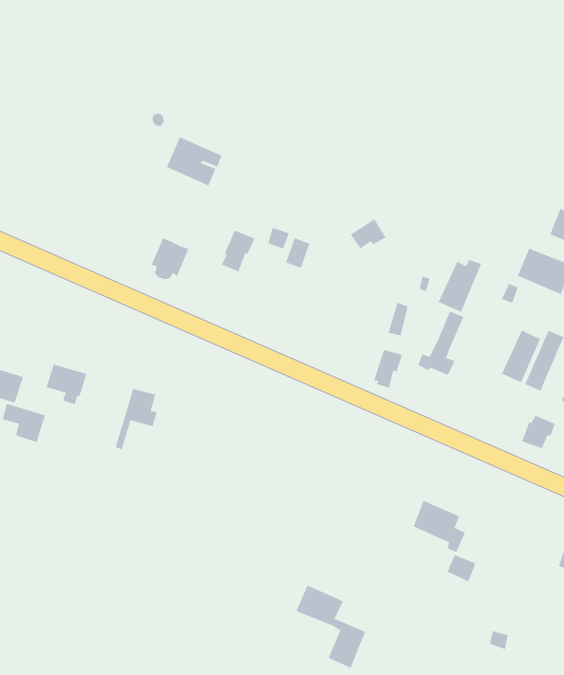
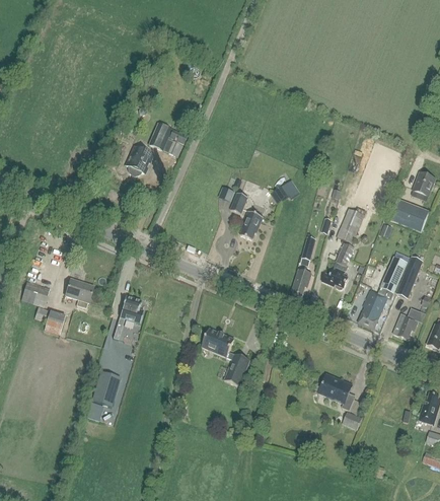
building: [221,230,255,272] -> [239,210,263,239]
building: [151,237,189,280] -> [126,145,152,174]
building: none -> [358,286,393,329]
building: none -> [87,369,116,405]
building: [295,585,366,668] -> [201,328,249,385]

